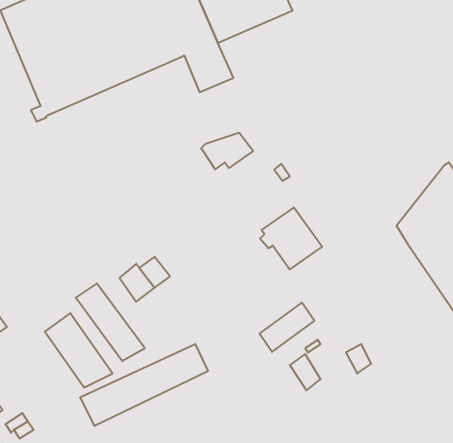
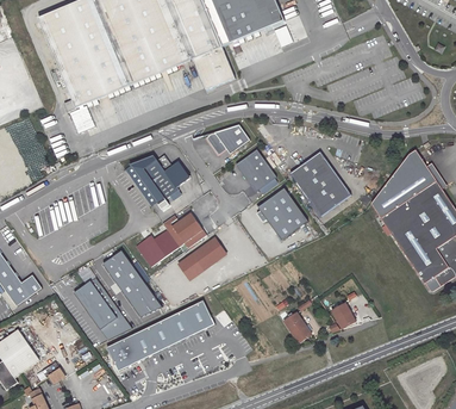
building: none -> [237,149,277,192]
building: none -> [286,153,346,216]
building: none -> [124,155,189,206]
building: none -> [162,212,207,247]
building: [259,303,314,352] -> [180,237,226,279]

